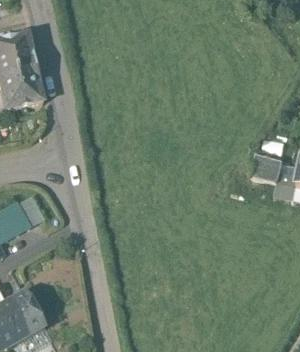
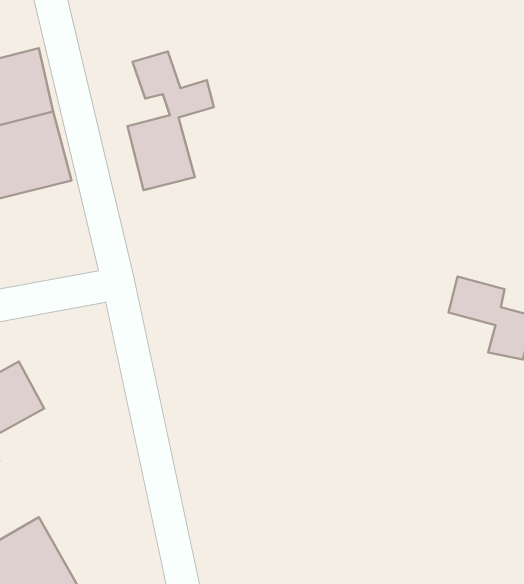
building: none -> [127,51,214,190]

